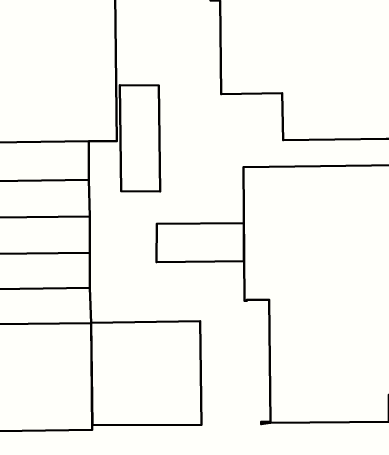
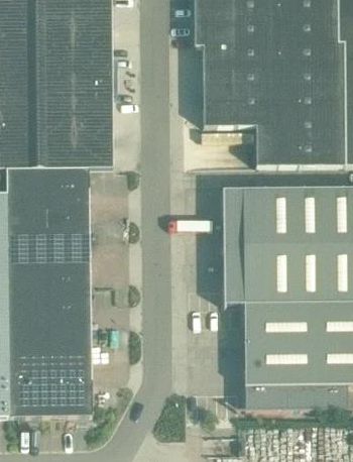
building: [120,85,160,192] -> none
building: [157,223,244,262] -> none
building: [91,321,202,425] -> none

